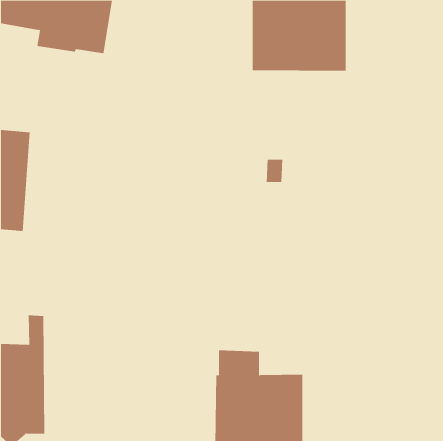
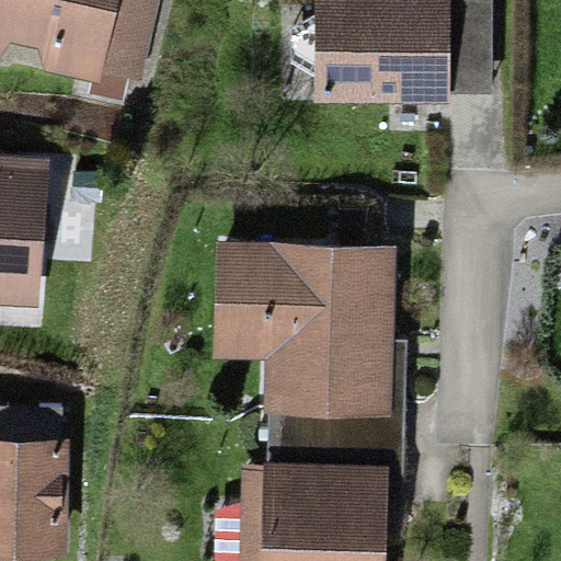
building: none -> [217,244,385,447]

